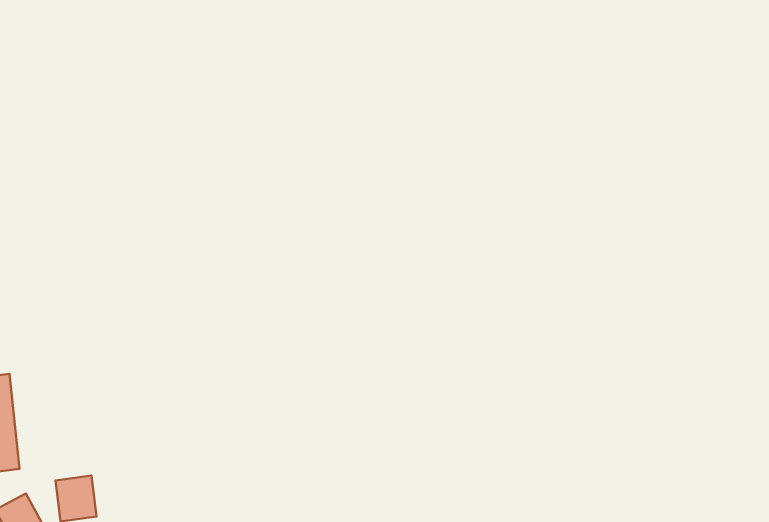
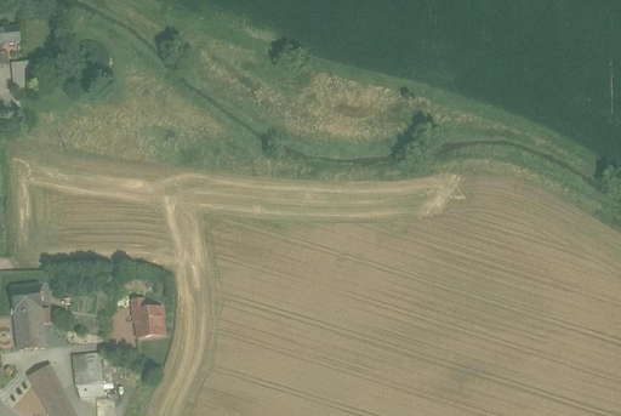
building: none -> [127,296,163,337]

